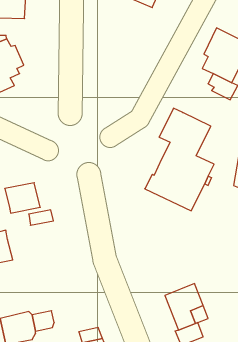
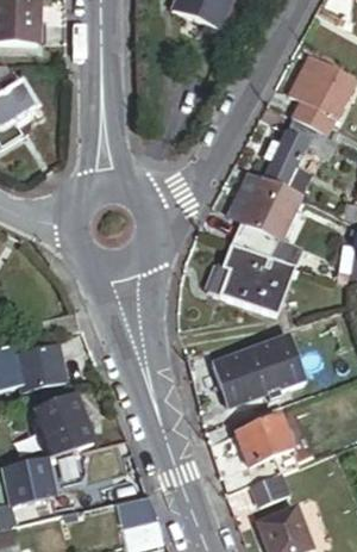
building: none -> [262,130,309,196]
building: [5,183,40,213] -> [15,347,65,390]
building: none -> [212,337,301,404]
building: none -> [33,396,94,457]

